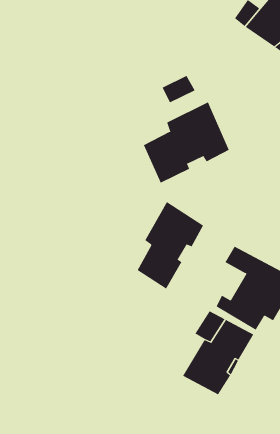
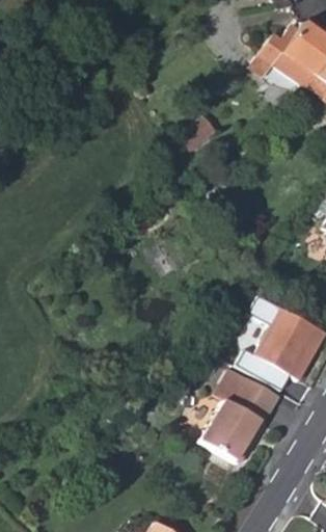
building: [143,101,229,184] -> none
building: [137,201,204,290] -> none

